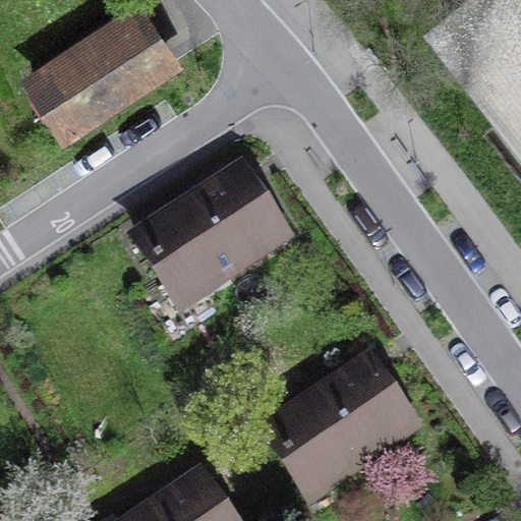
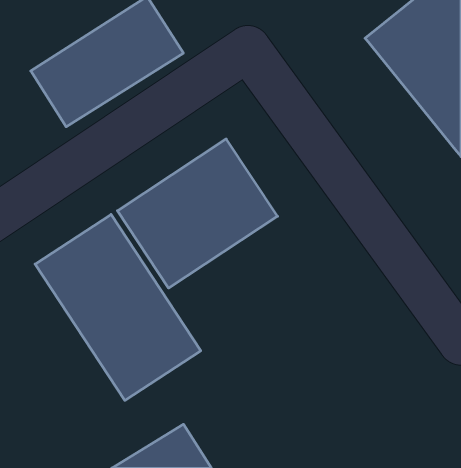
building: none -> [35,214,201,400]
building: [270,354,432,503] -> none

